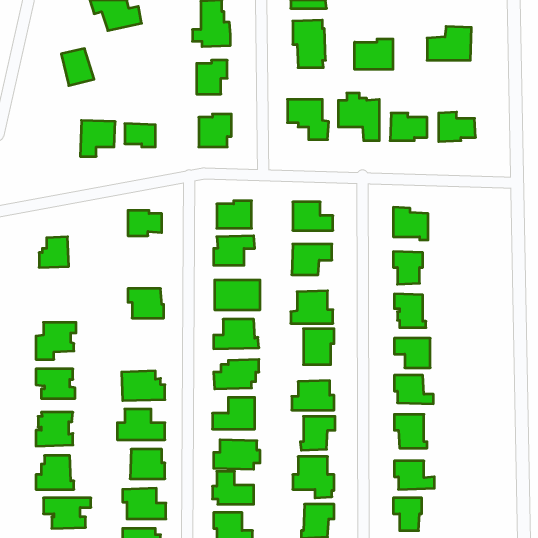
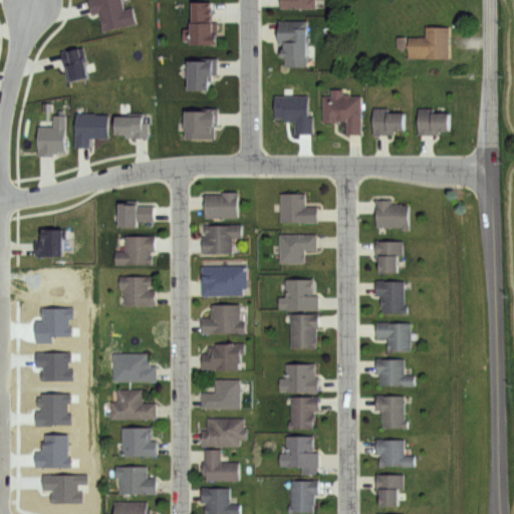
building: [355,39,393,69] -> none
building: none -> [39,118,67,159]
building: none -> [116,237,157,265]

